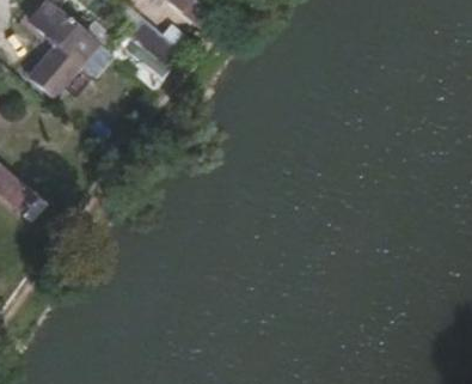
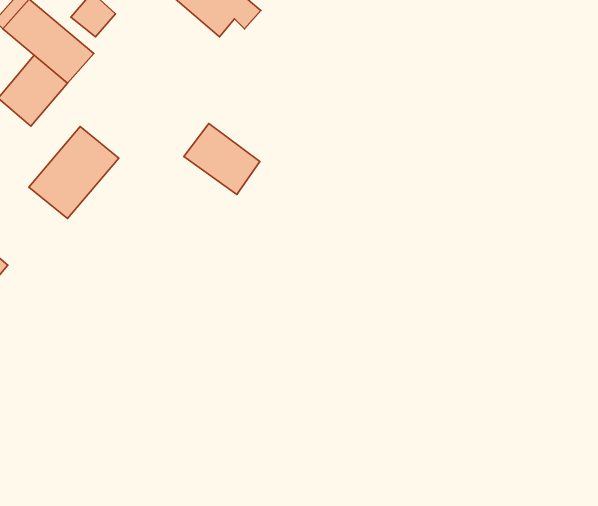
building: [127,24,182,75] -> [184,123,260,195]
building: none -> [29,127,119,219]

